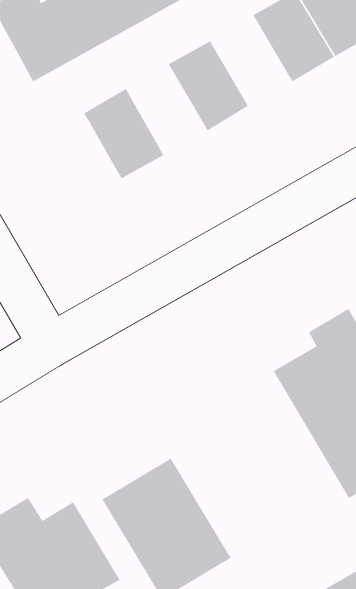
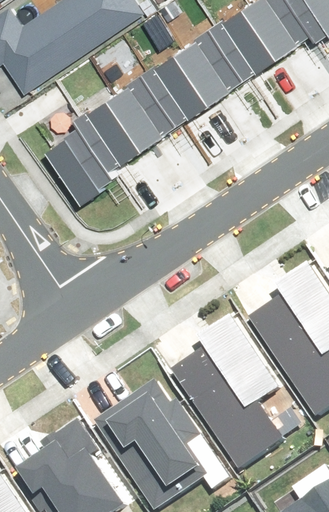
building: none -> [179,24,248,99]
building: none -> [112,69,181,144]
building: none -> [49,122,117,199]
building: none -> [169,310,286,470]

